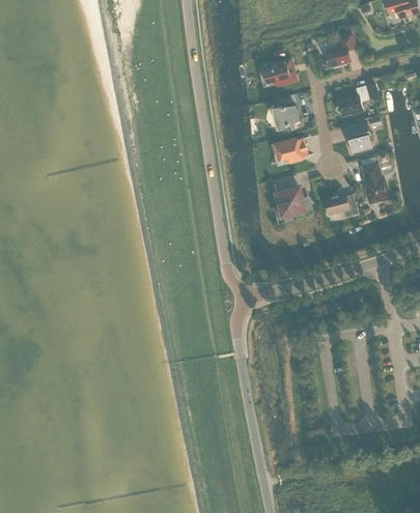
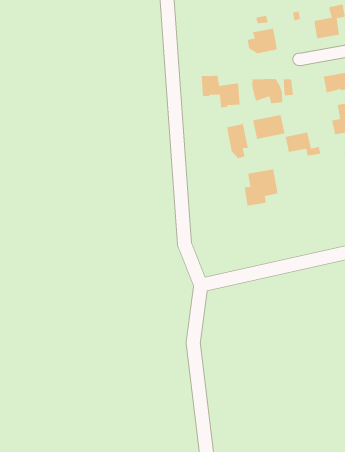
building: none -> [201,75,241,109]
building: none -> [226,123,249,159]
building: [324,193,358,216] -> [285,132,321,157]

